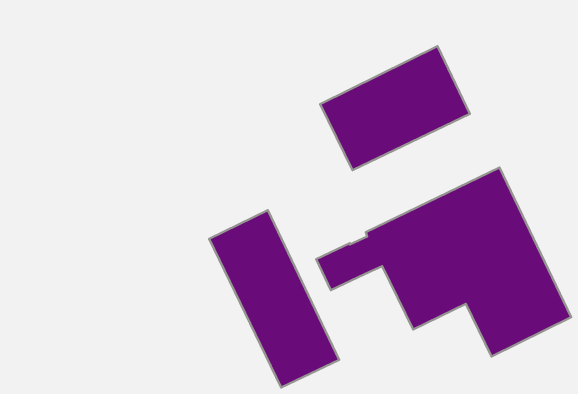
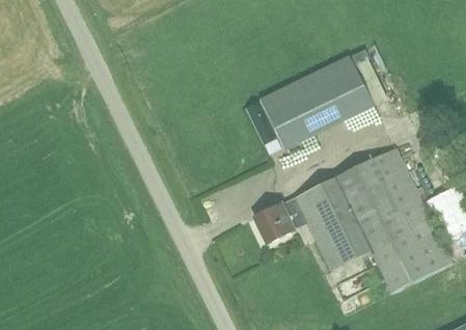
building: [209,210,339,387] -> none

